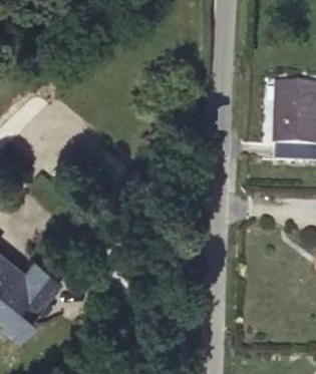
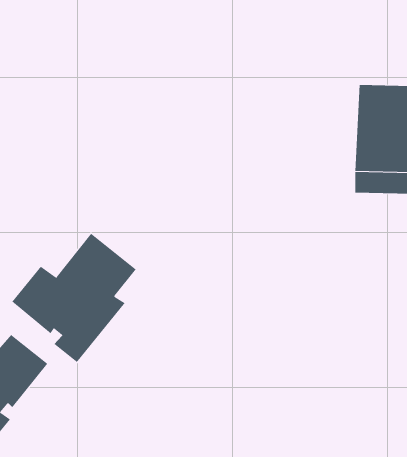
building: none -> [11,233,136,363]

